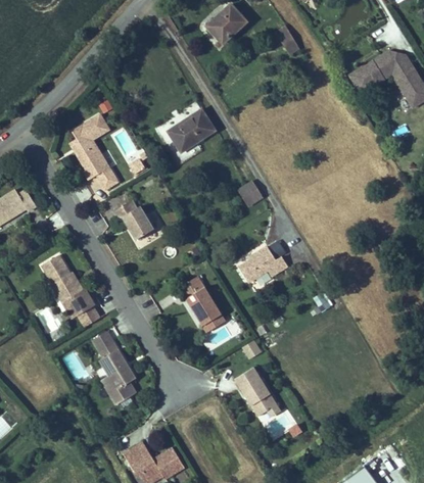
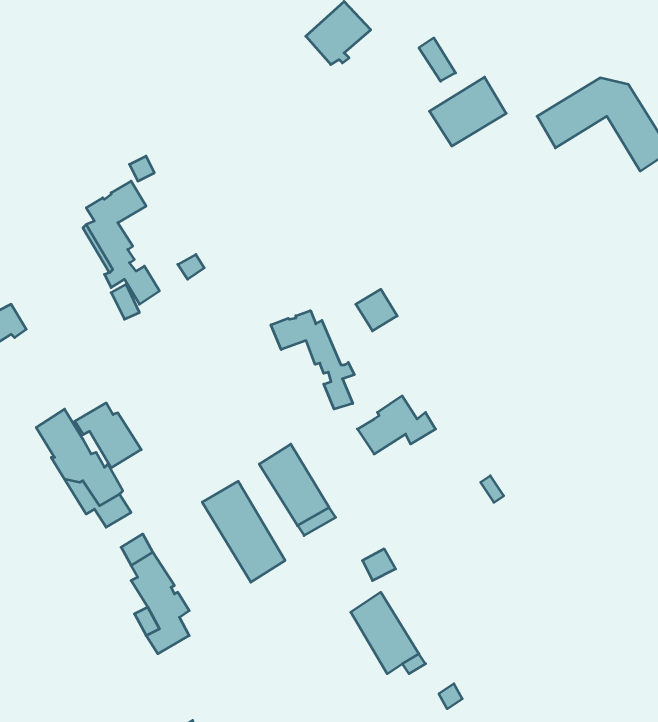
building: none -> [429,77,506,146]
building: [169,109,215,152] -> none
building: none -> [271,311,354,409]
building: [113,200,154,240] -> [75,403,141,468]
building: none -> [202,481,285,582]

